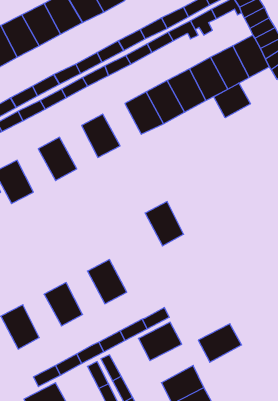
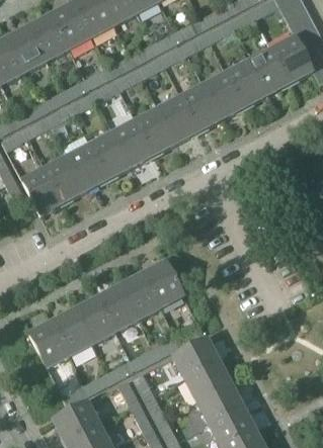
building: [214,83,250,118] -> none
building: none -> [136,109,176,154]
building: none -> [90,132,131,178]
building: none -> [46,157,86,202]
building: [145,202,184,246] -> [143,261,183,307]
building: none -> [97,285,138,331]
building: none -> [52,309,92,355]
building: [198,324,242,362] -> [185,362,231,402]

